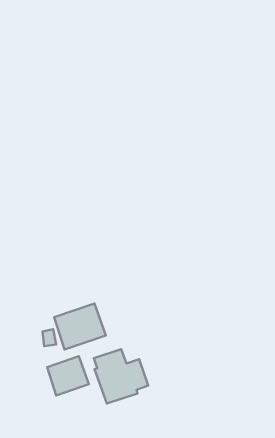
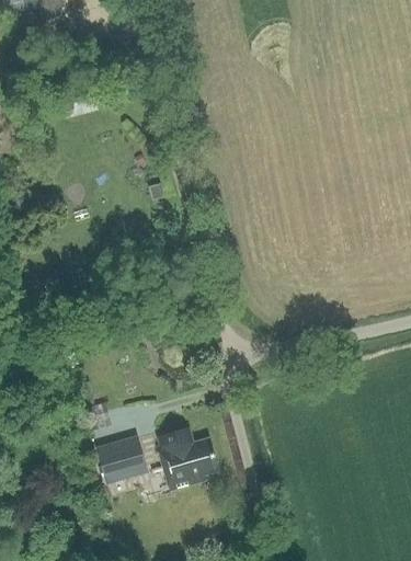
building: [54,304,106,350] -> none

